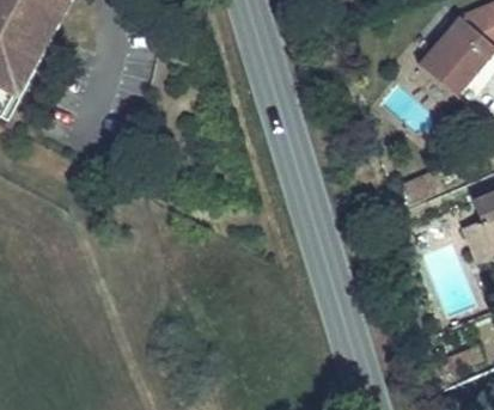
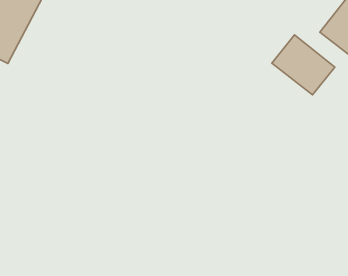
building: none -> [272,35,335,95]

